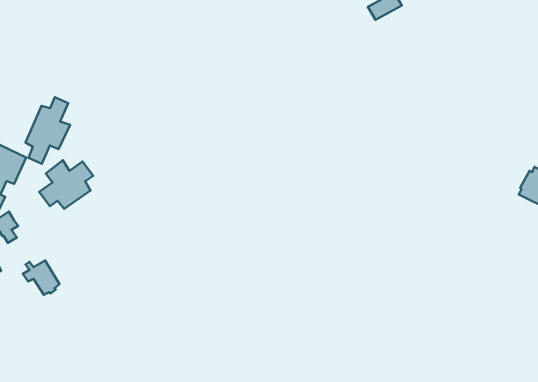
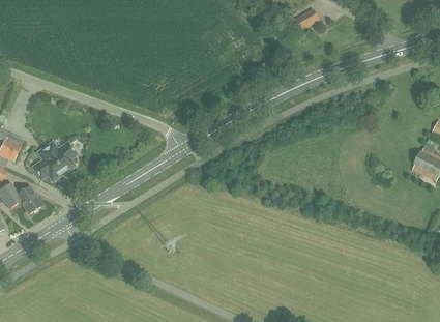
building: [26,97,70,164] -> none
building: [23,261,60,295] -> [11,186,40,213]

